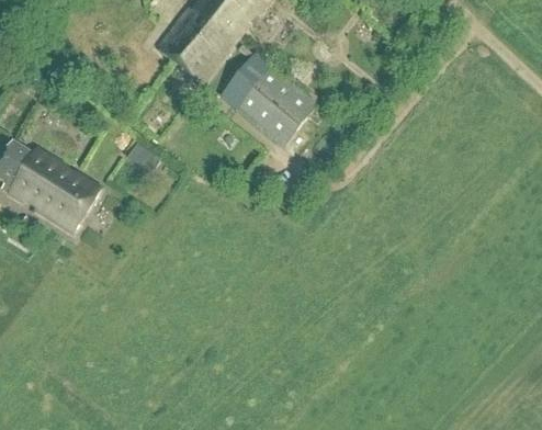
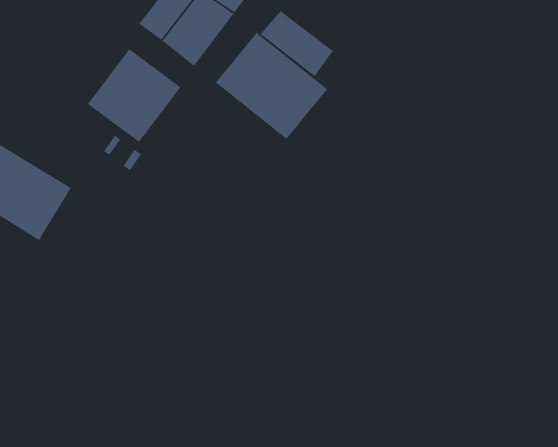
building: none -> [260,10,334,77]
building: none -> [87,48,182,143]

